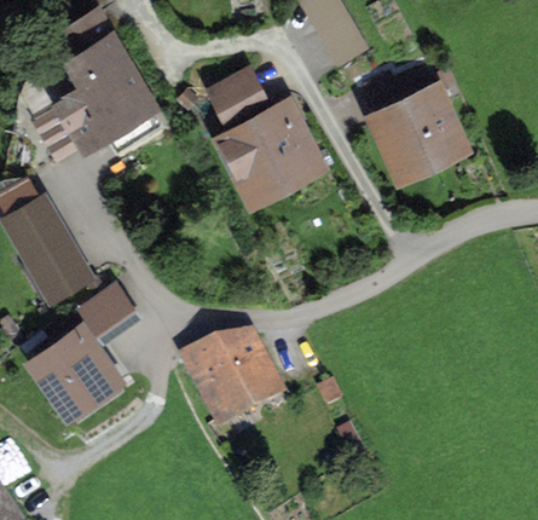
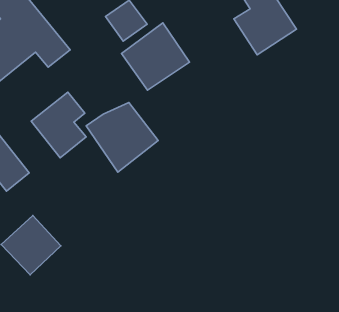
building: none -> [31,92,86,158]
building: [82,283,135,336] -> none
building: [184,333,273,420] -> [86,103,158,172]

